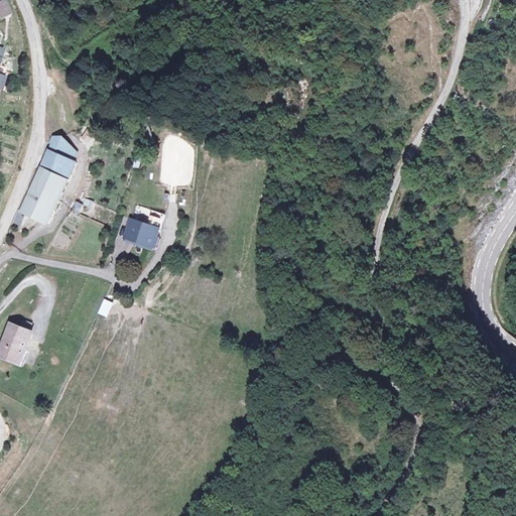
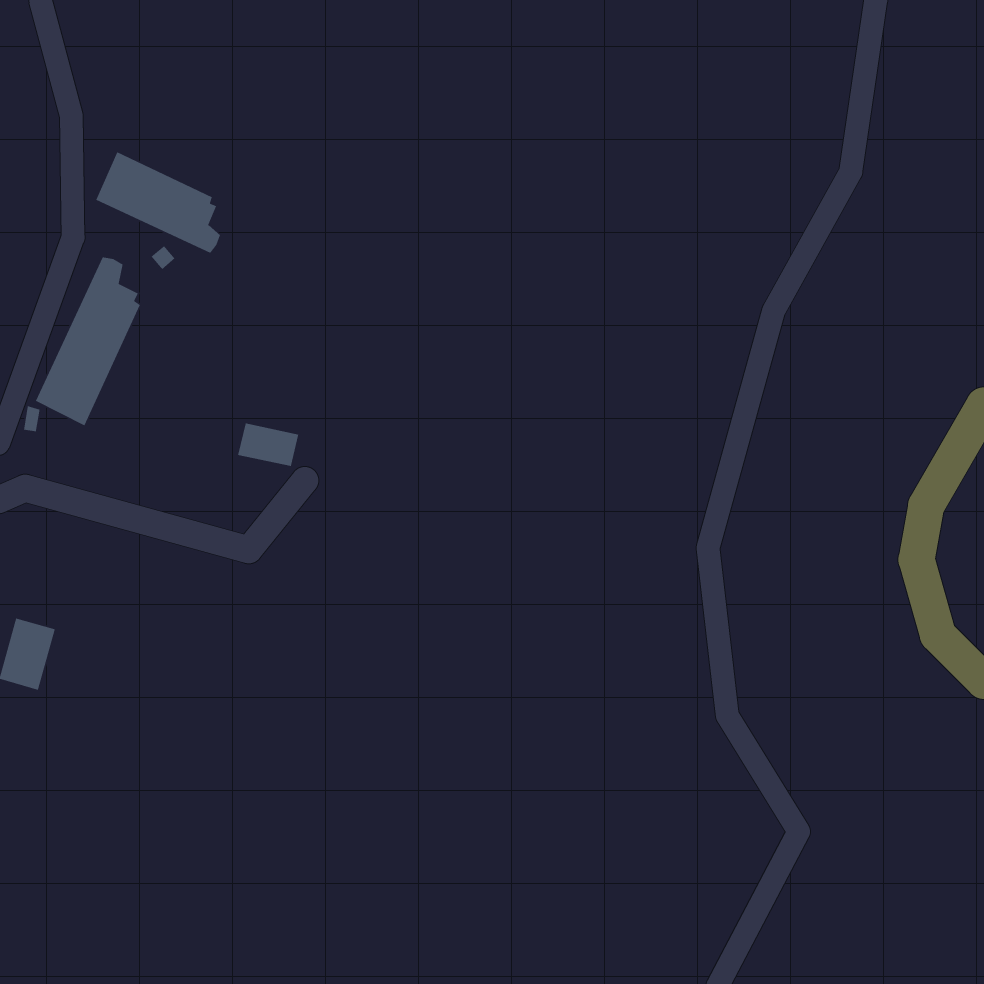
building: none -> [95,151,221,254]

